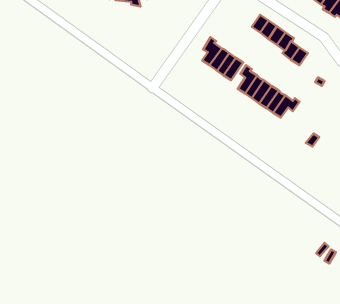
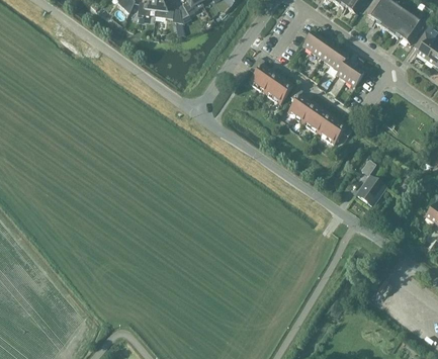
building: none -> [358,176,386,205]

